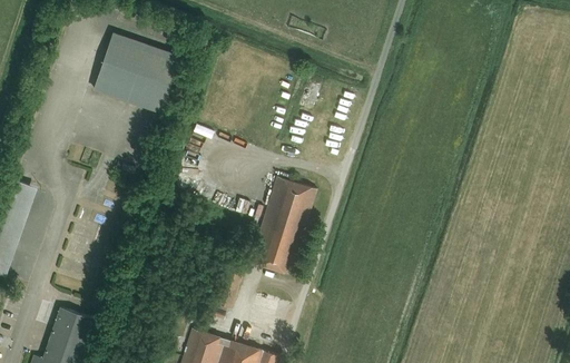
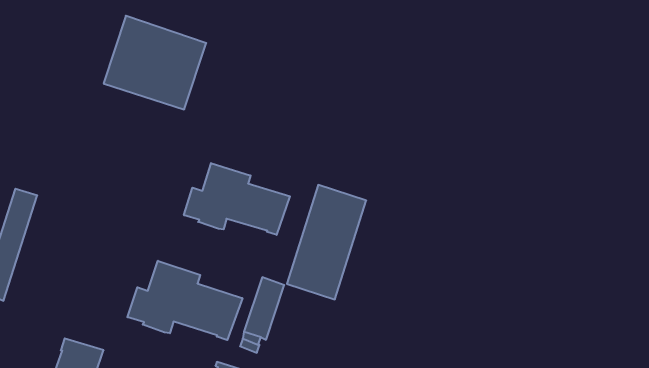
building: none -> [184,163,290,235]
building: none -> [127,261,242,340]

